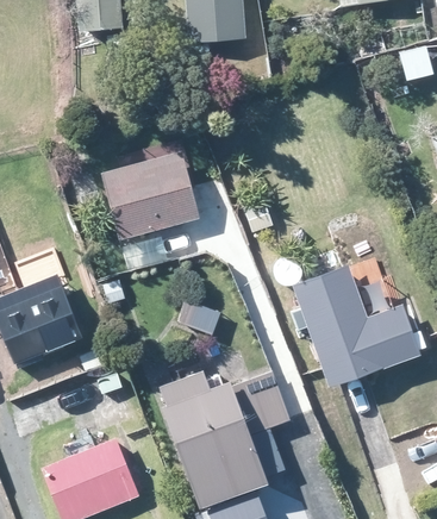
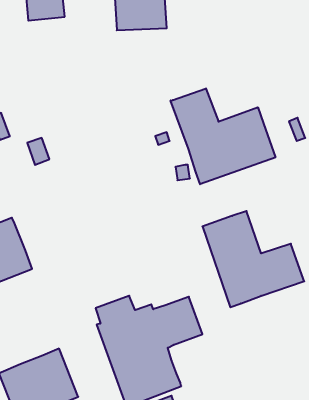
building: none -> [171,88,275,184]
building: [104,151,201,239] -> none

